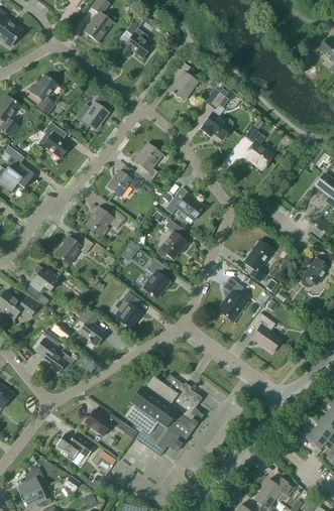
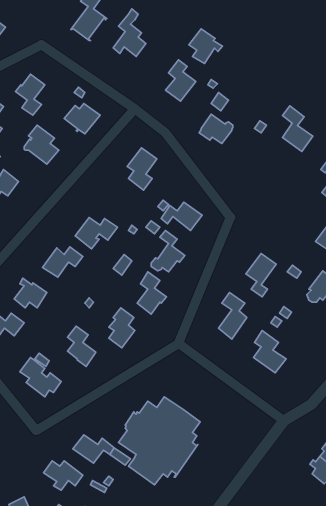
building: none -> [189,29,222,64]
building: [244,127,272,169] -> [282,106,313,152]
building: [107,170,143,196] -> none

